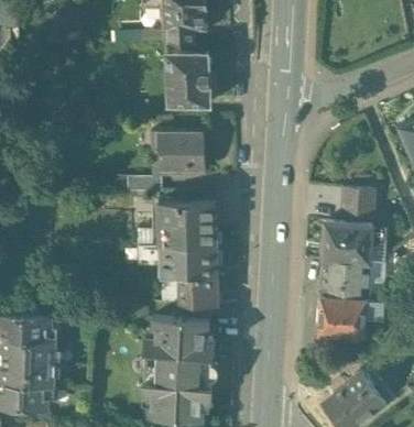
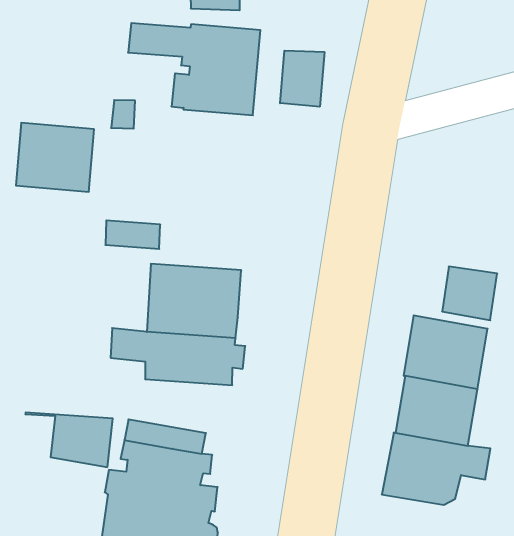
building: none -> [280,51,324,107]
building: [157,134,205,175] -> [16,123,94,192]
building: [161,278,216,309] -> [25,412,113,467]

